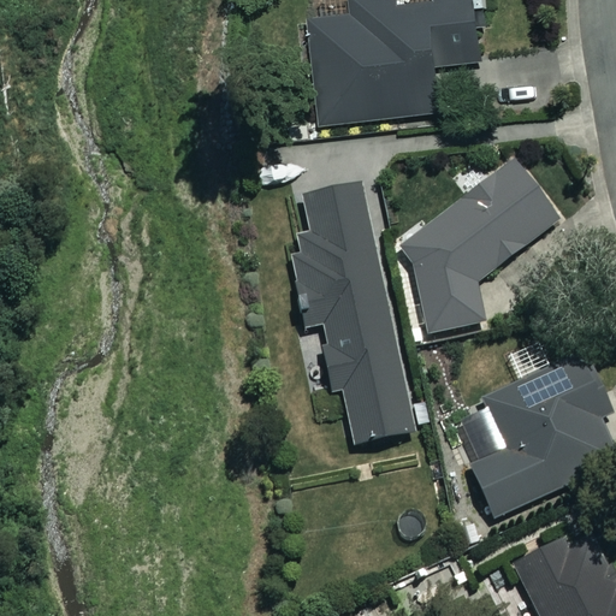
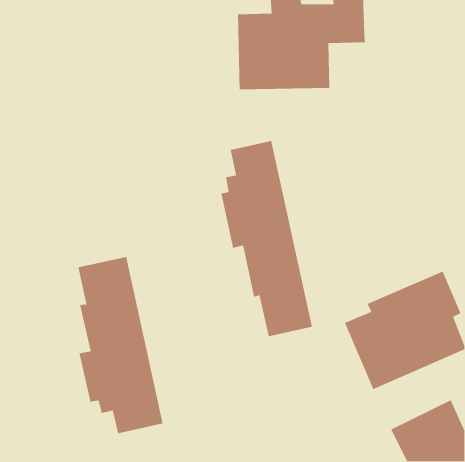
building: [402,159,559,327] -> none
building: none -> [77,256,164,434]

